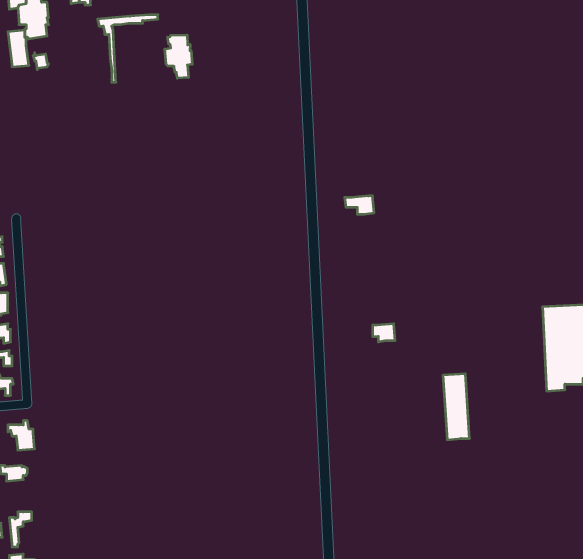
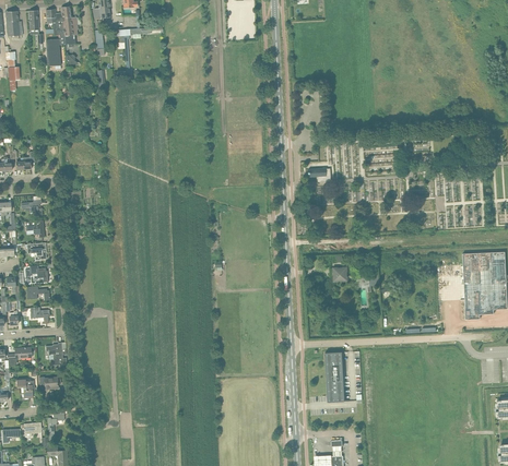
building: [165,35,192,78] -> none
building: [443,374,470,440] -> [324,351,345,403]

